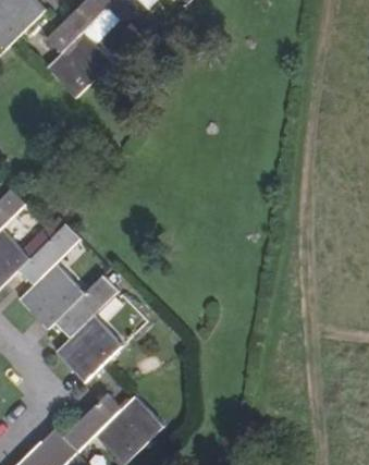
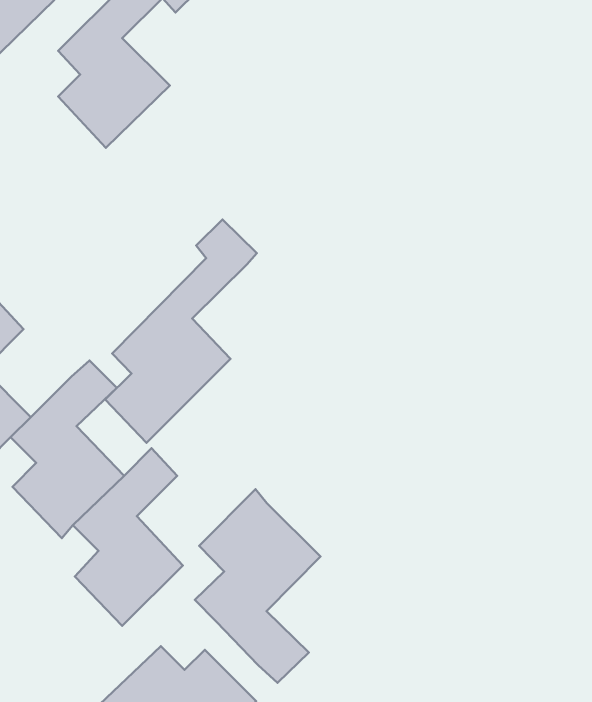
building: none -> [105,220,257,443]
building: none -> [195,489,321,683]

